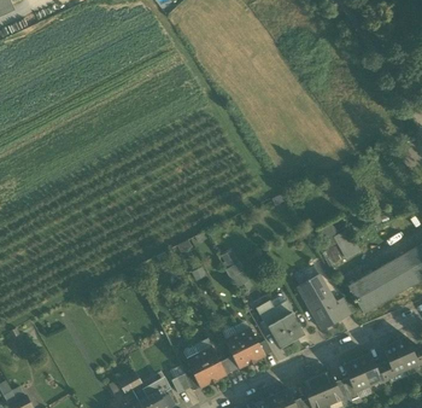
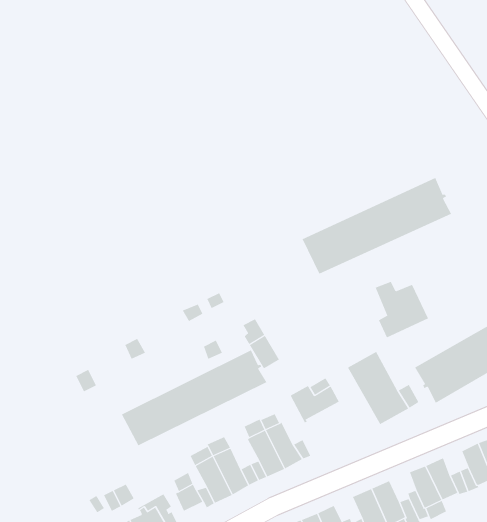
building: none -> [302,177,452,274]
building: none -> [121,349,267,446]
building: [268,313,304,348] -> none

